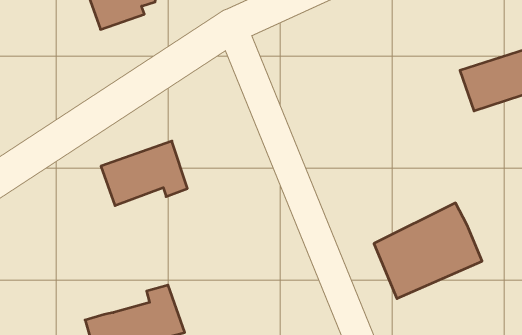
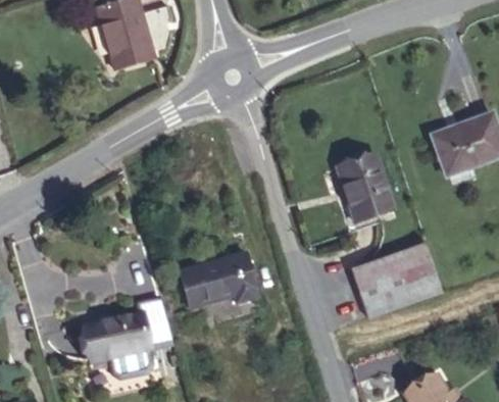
building: none -> [339,153,390,214]
building: [101,141,187,206] -> [182,253,257,307]

